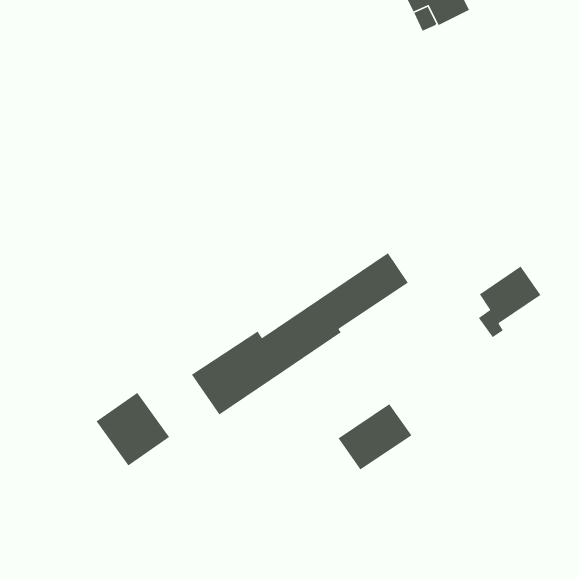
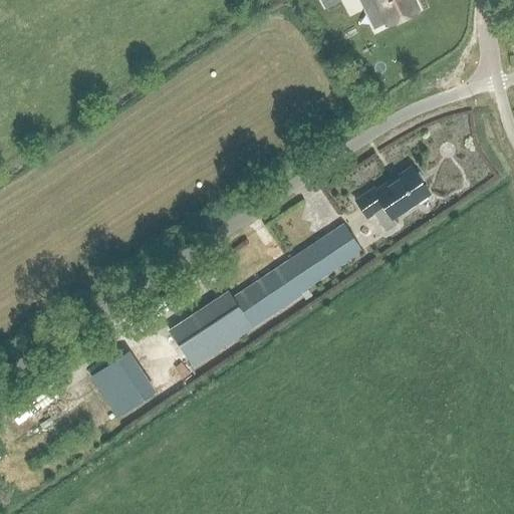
building: [478,266,541,338] -> [374,167,431,231]
building: [337,403,412,471] -> none

